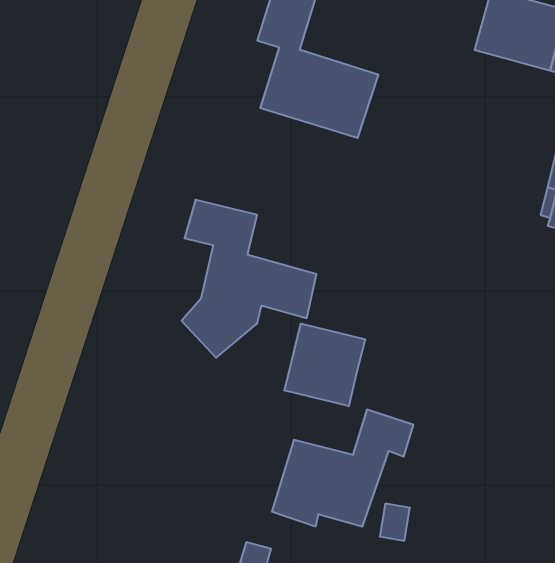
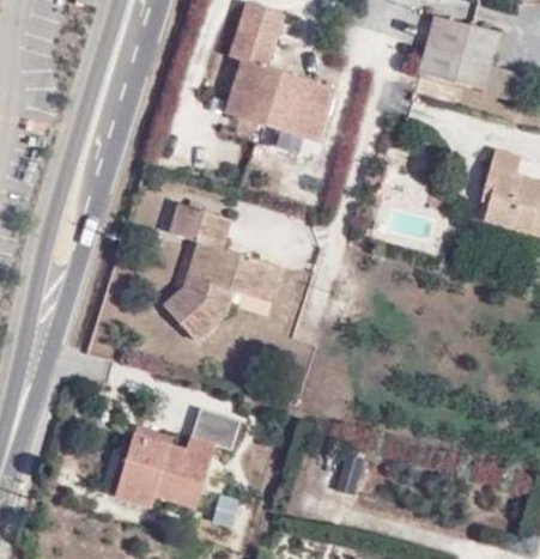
building: [284,324,365,406] -> none
building: [272,410,413,526] -> [117,405,241,506]

